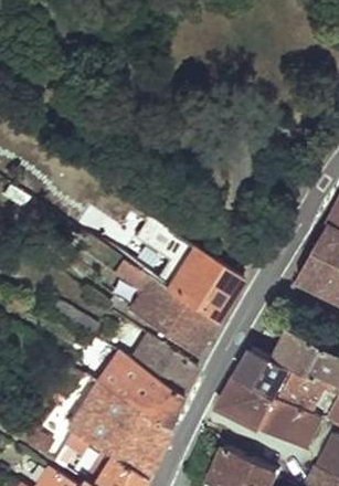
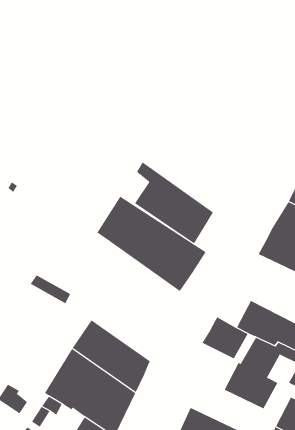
building: [128,266,214,356] -> [134,161,214,244]
building: [130,335,197,397] -> none
building: [220,377,277,427] -> none

